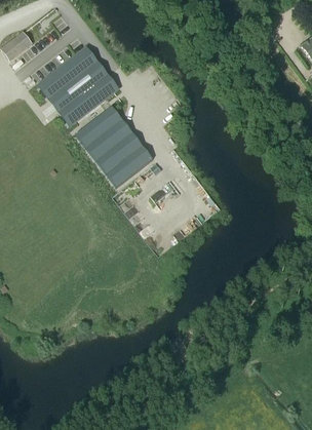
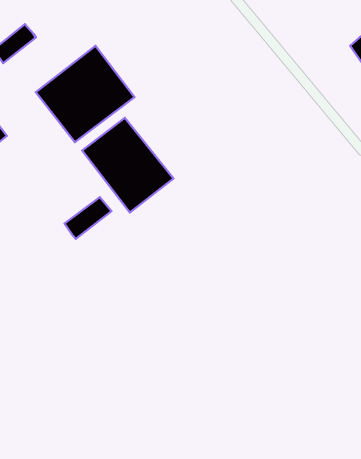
building: none -> [65,197,111,239]

